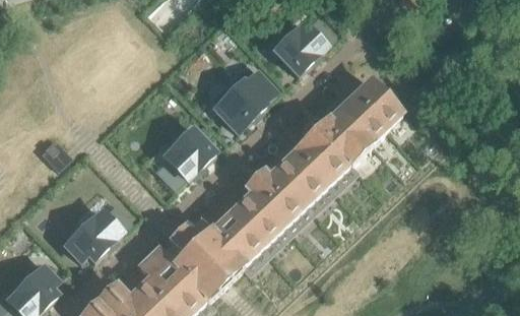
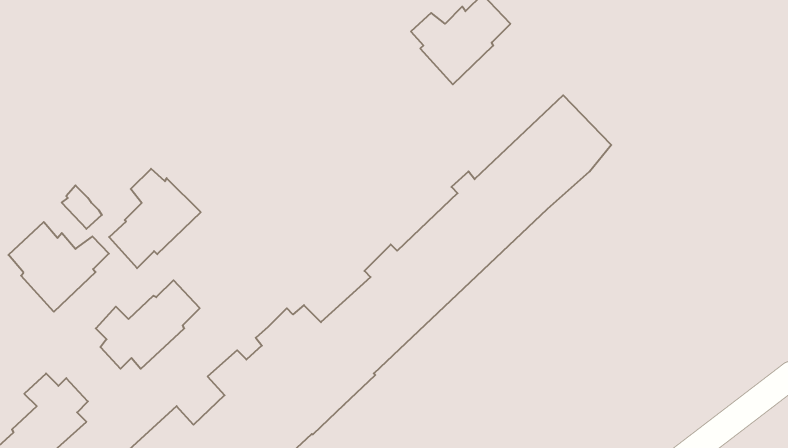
building: [211,62,275,131] -> none
building: [155,123,215,188] -> [109,169,201,268]
building: none -> [8,222,109,312]

